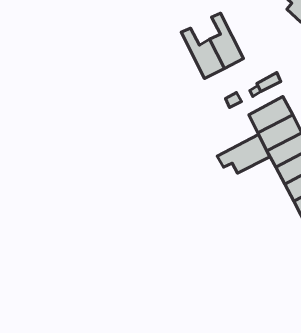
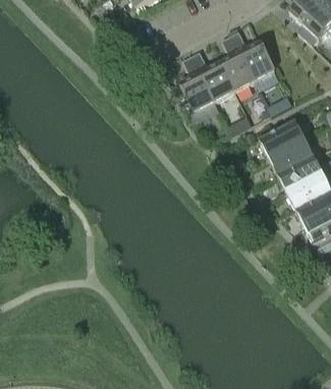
building: none -> [230,31,274,81]
building: none -> [178,55,214,112]
building: [217,135,270,173] -> none

